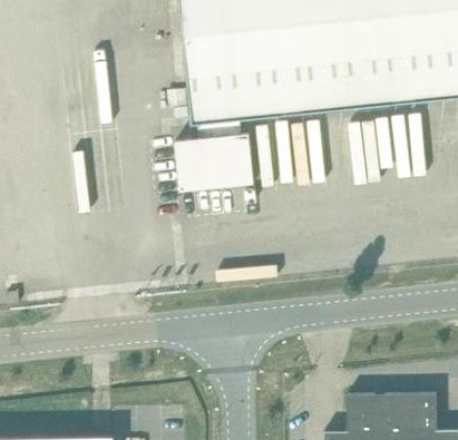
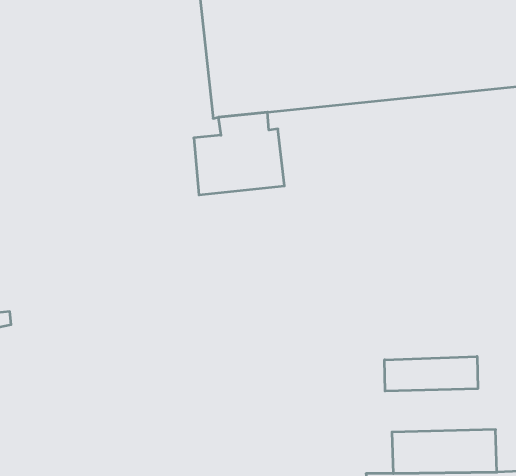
building: none -> [385,356,478,391]

